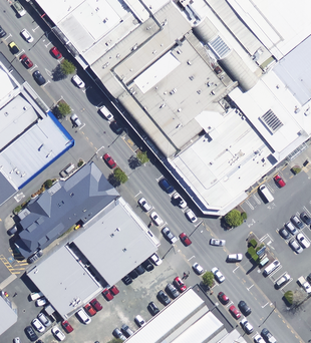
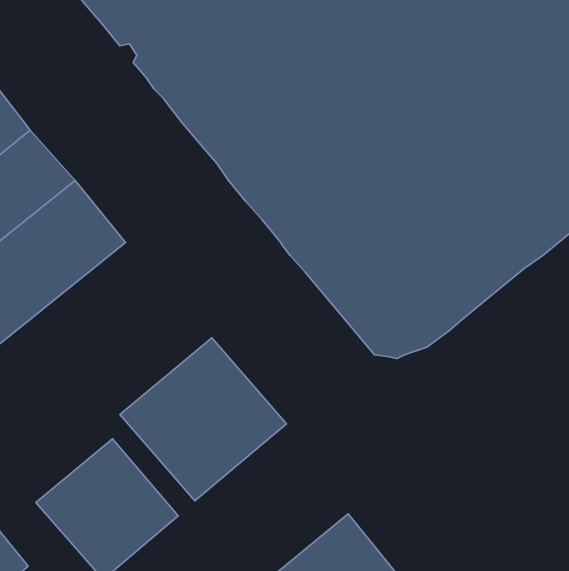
building: [12,158,116,257] -> none

